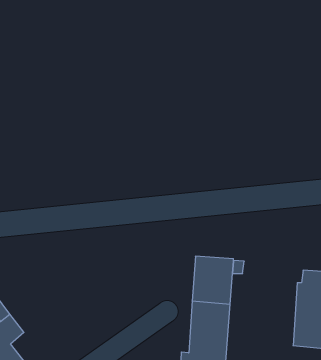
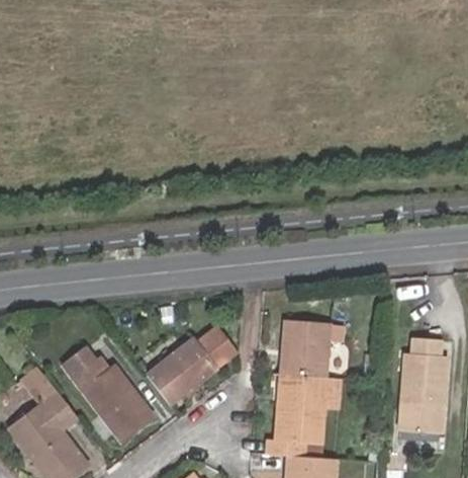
building: none -> [146,330,231,404]
building: none -> [63,346,154,439]

